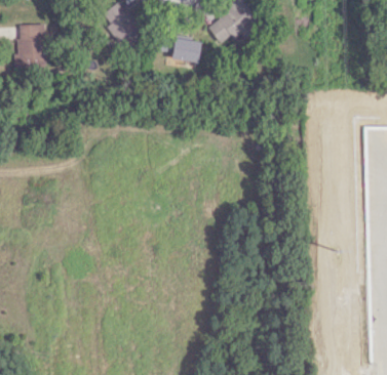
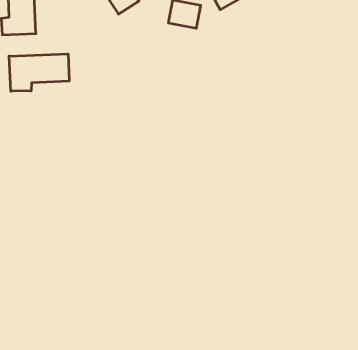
building: none -> [9,54,69,91]

